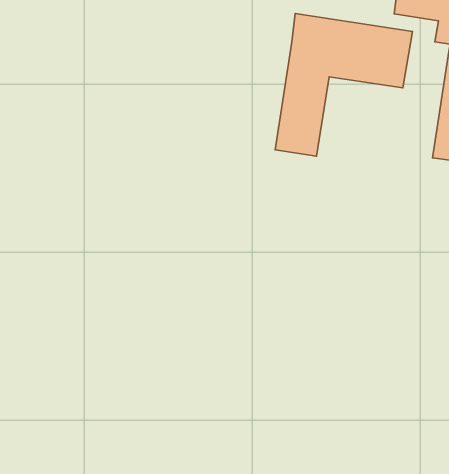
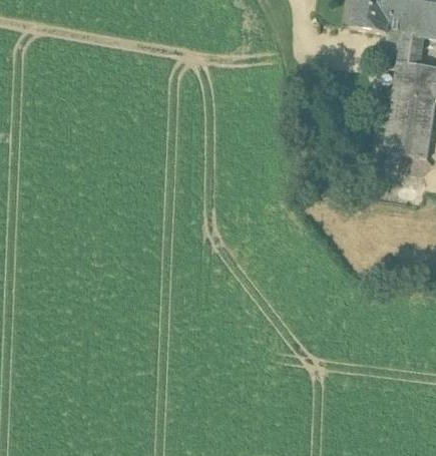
building: [275,13,412,156] -> none

